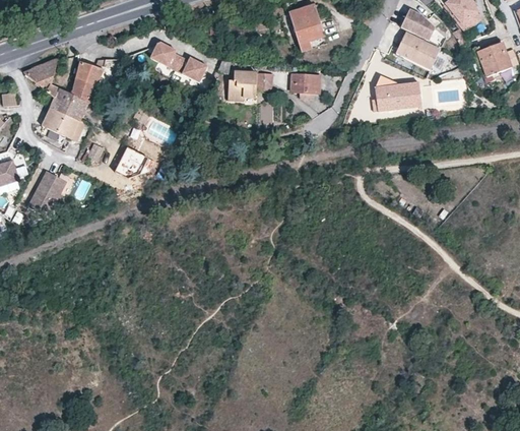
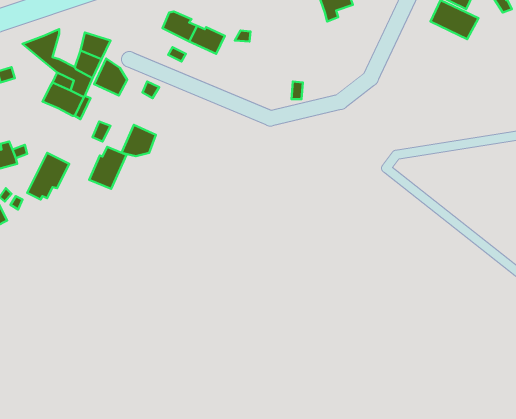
building: [229,71,272,101] -> none
building: [373,73,420,111] -> none
building: [291,75,321,93] -> none
building: none -> [94,59,127,95]
building: none -> [89,147,126,189]

